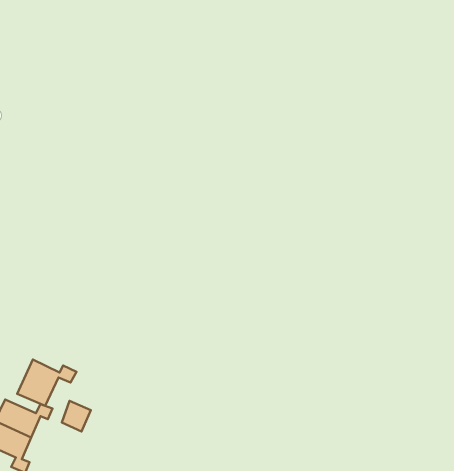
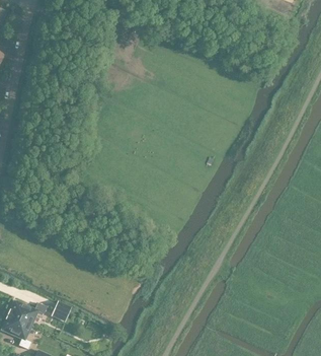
building: [17,360,76,406] -> none

